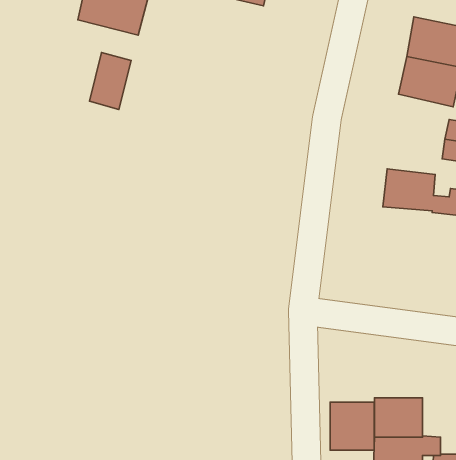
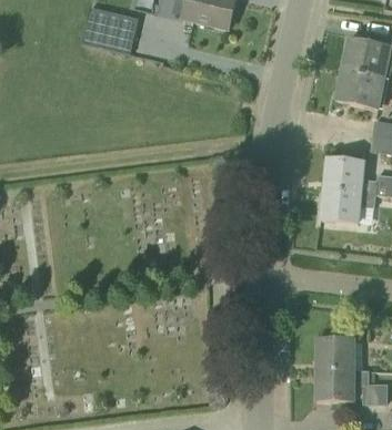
building: [89,52,131,110] -> none
building: none -> [320,188,362,224]
building: [330,402,374,450] -> none

